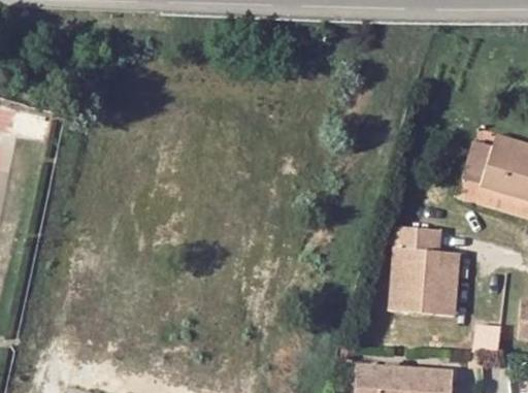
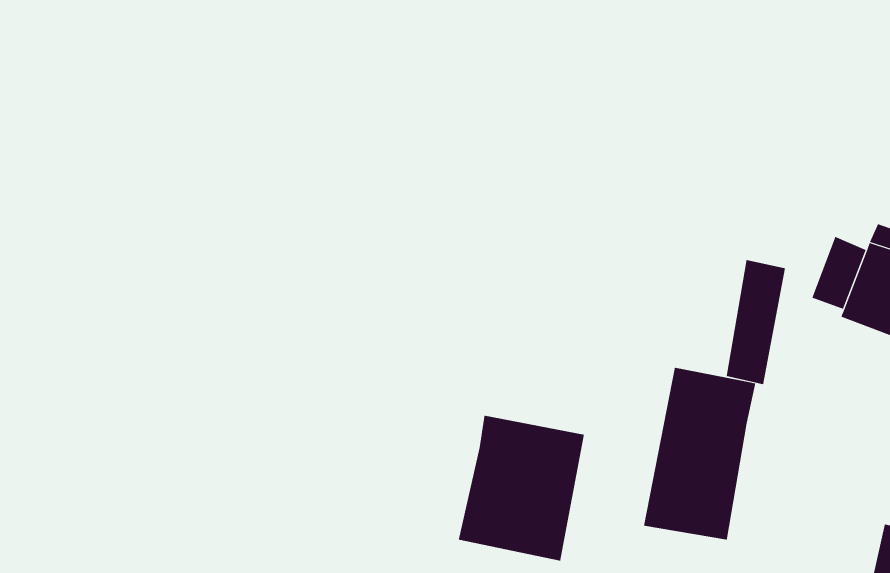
building: [435,250,460,315] -> [726,259,786,385]
building: none -> [458,415,585,561]

